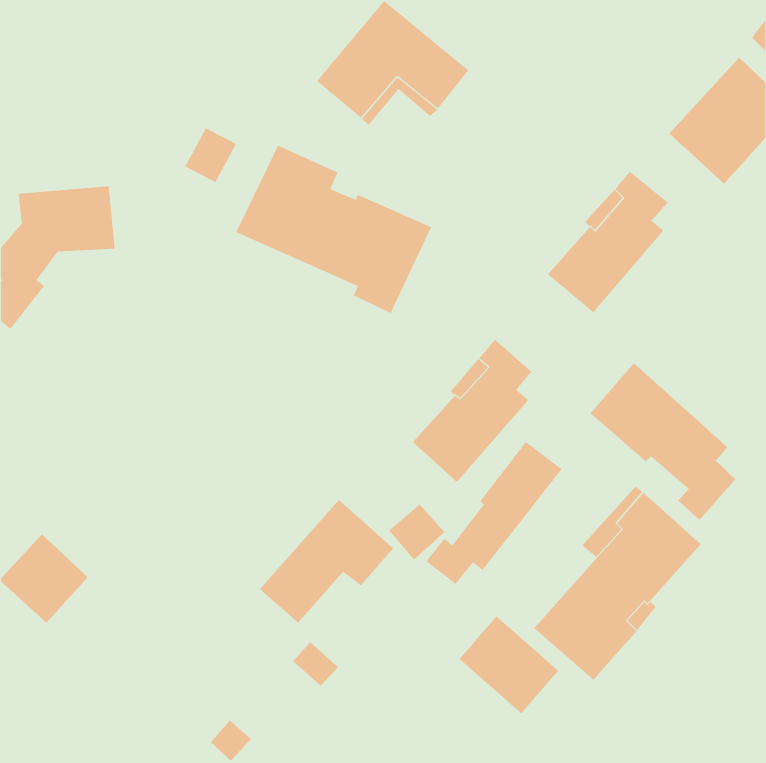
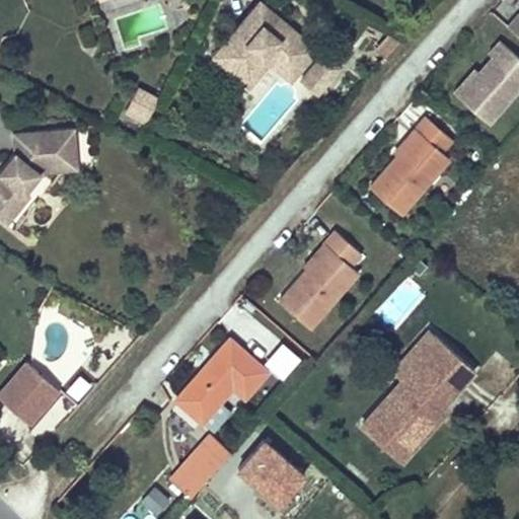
building: [235,145,432,314] -> none
building: [590,363,736,521] -> none
building: [426,441,563,585] -> none
building: [459,615,559,714] -> [236,441,304,508]
building: none -> [171,449,217,496]

